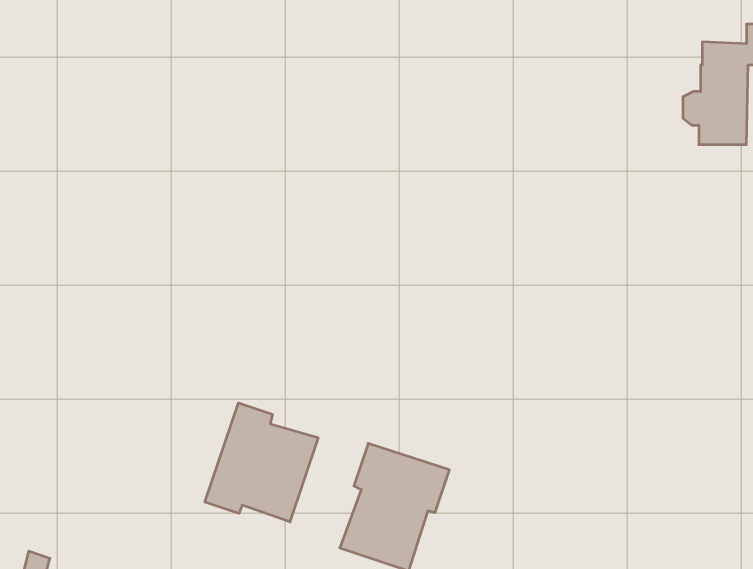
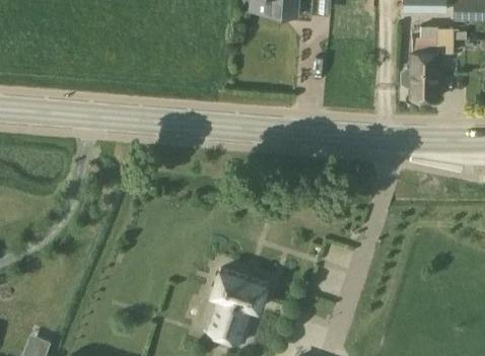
building: [205,403,318,522] -> none

